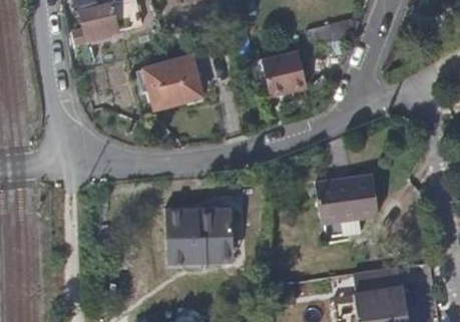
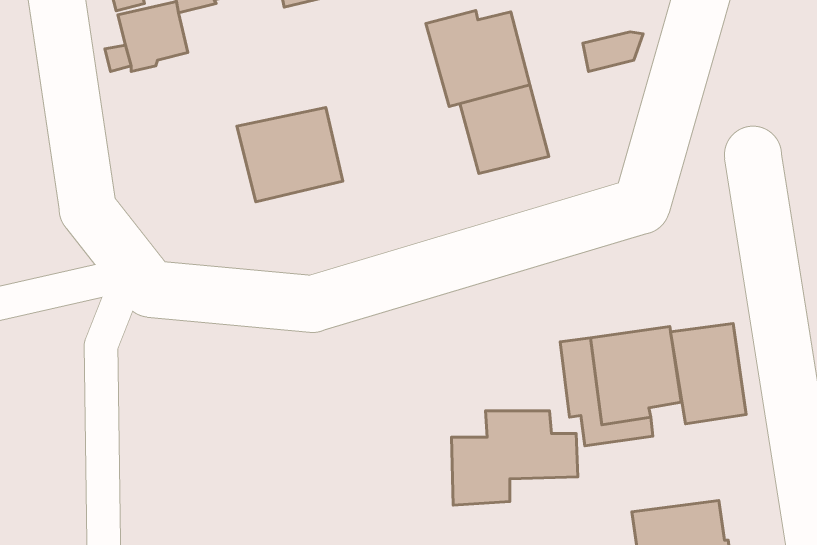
building: none -> [426,11,530,106]
building: none -> [670,324,746,424]
building: [171,214,239,264] -> [451,411,578,505]

